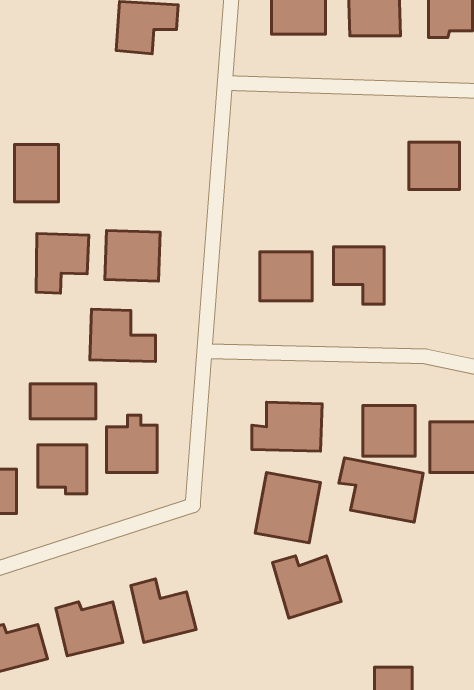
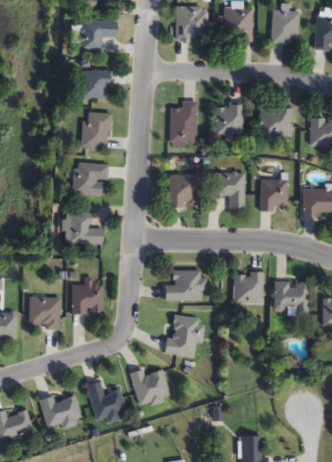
building: none -> [76,70,110,97]
building: none -> [169,100,197,143]
building: none -> [215,103,245,135]
building: [14,144,59,202] -> [80,112,108,148]
building: [36,233,89,293] -> none
building: none -> [260,179,287,210]
building: [30,384,96,419] -> none
building: [339,458,423,522] -> none
building: [273,556,341,618] -> [129,368,172,407]

